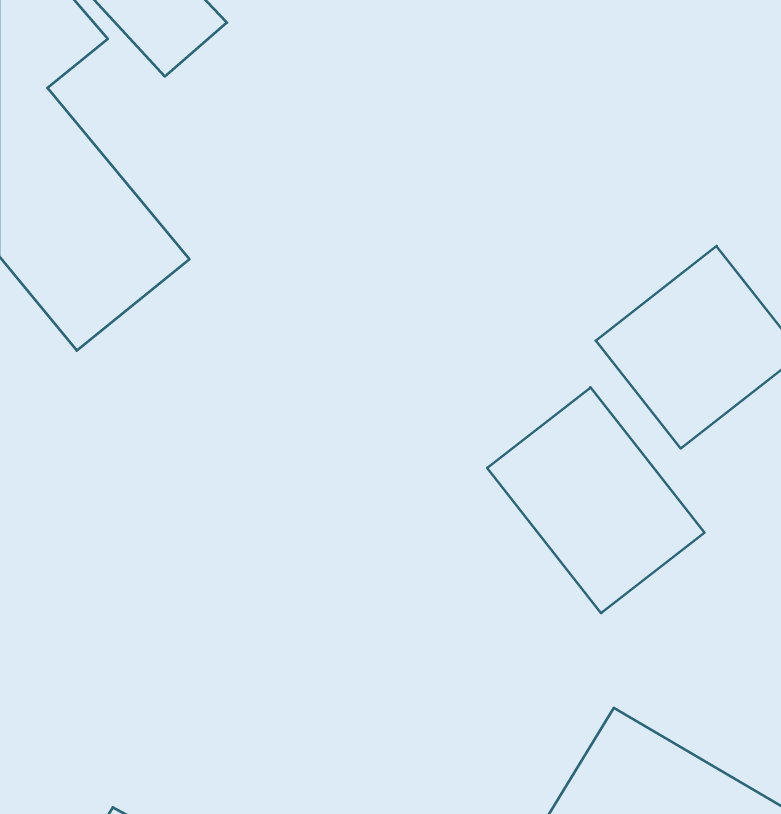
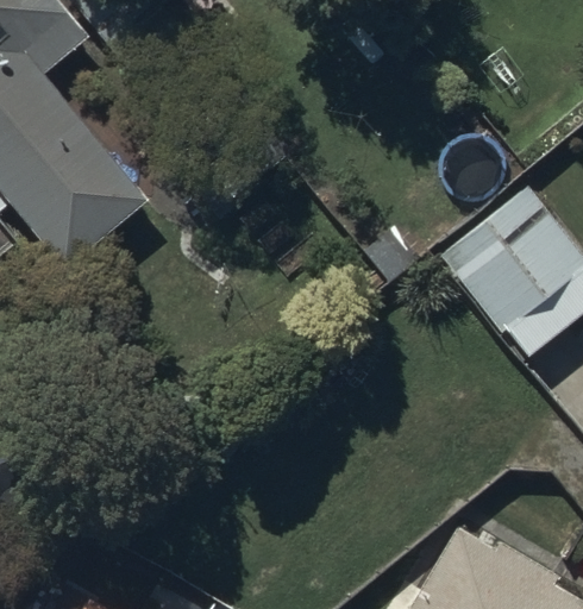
building: [487,387,704,613] -> none

